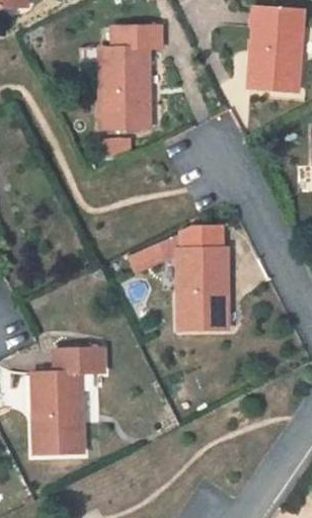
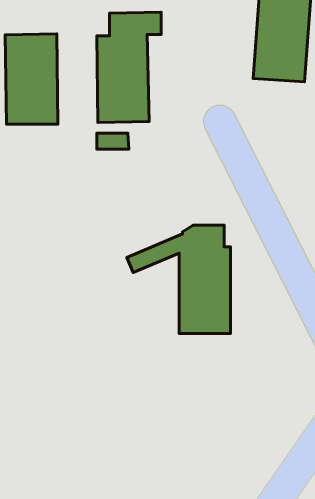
building: none -> [5,34,58,124]
building: [31,348,103,453] -> none

